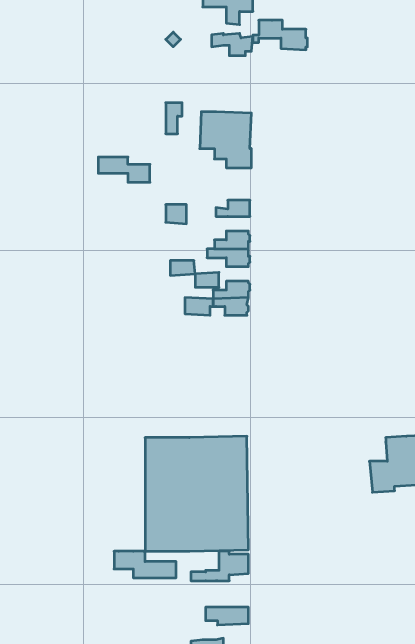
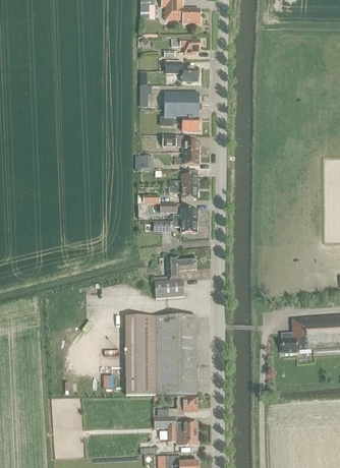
building: [253,20,307,50] -> [161,61,199,81]
building: [98,157,150,182] -> [162,135,197,153]
building: none -> [154,255,195,297]
building: [114,551,176,578] -> [154,415,196,433]

